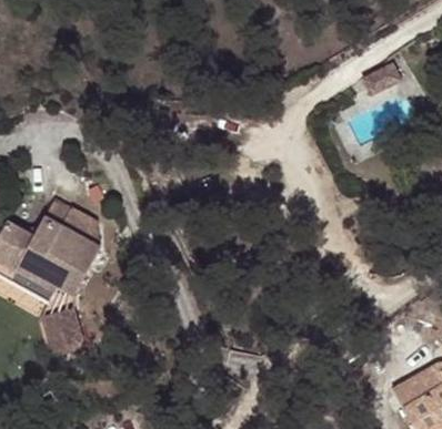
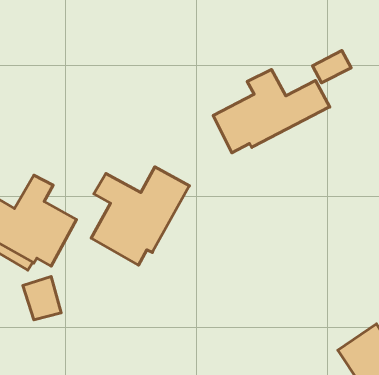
building: none -> [213,69,330,153]
building: none -> [91,167,190,265]

